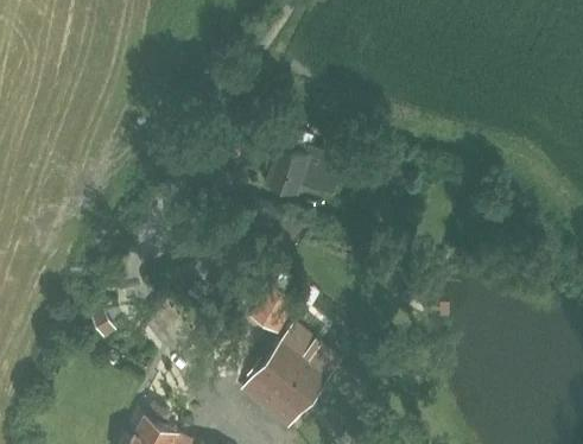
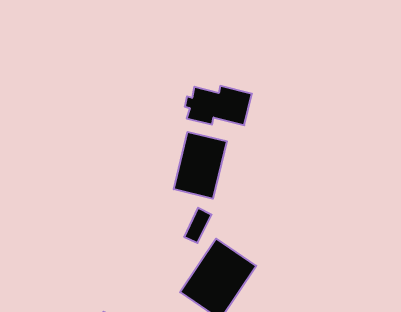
building: none -> [174,132,227,199]

